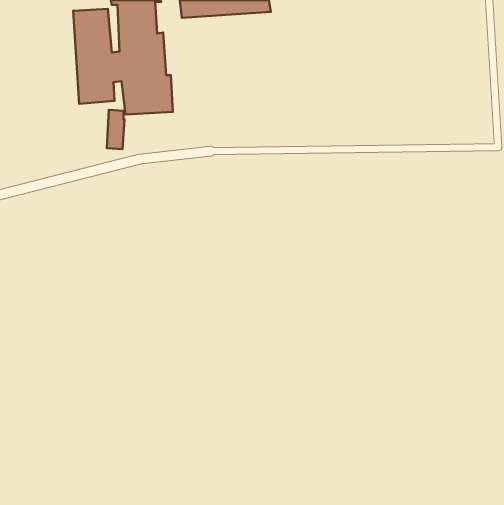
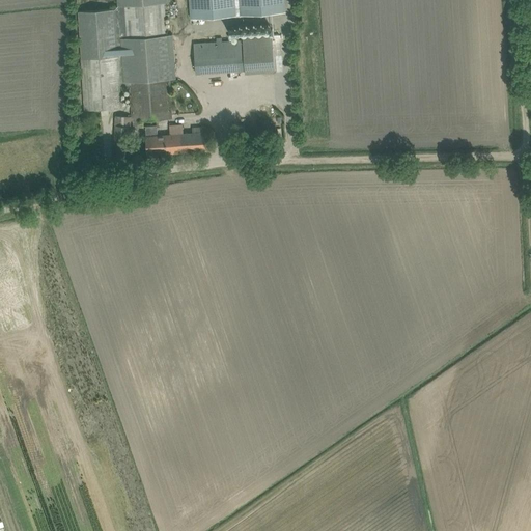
building: none -> [193,34,274,74]
building: none -> [144,124,209,155]

